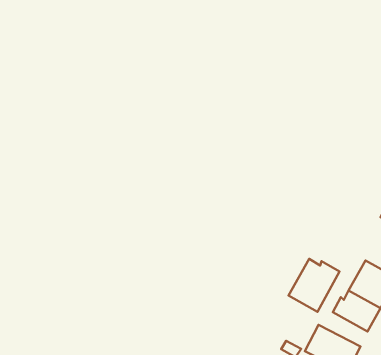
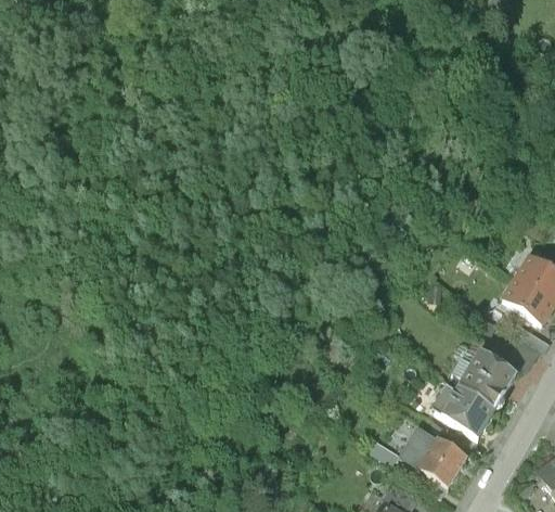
building: [289,259,340,312] -> none

